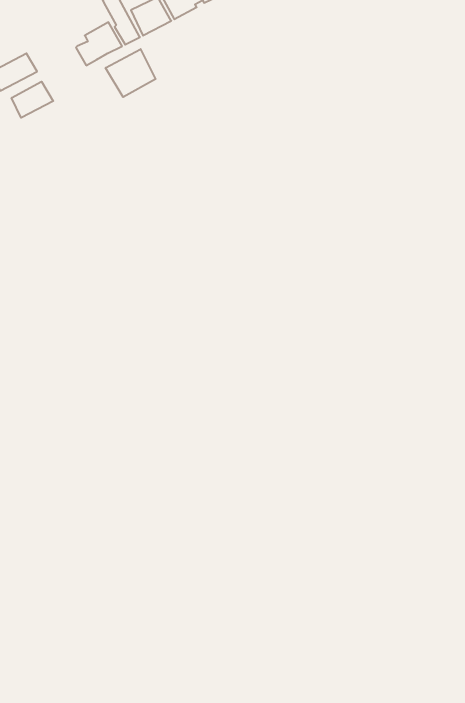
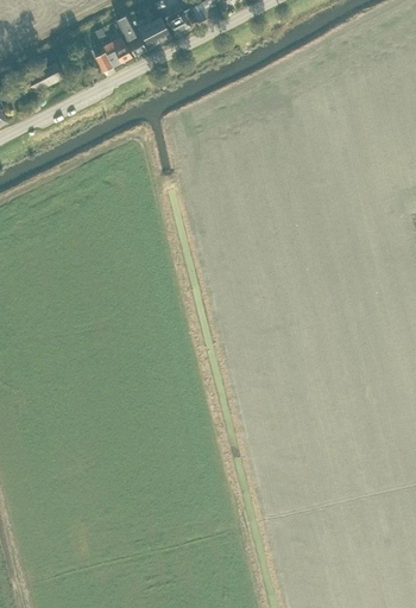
building: [106,49,156,97] -> none
building: [12,82,53,118] -> none

